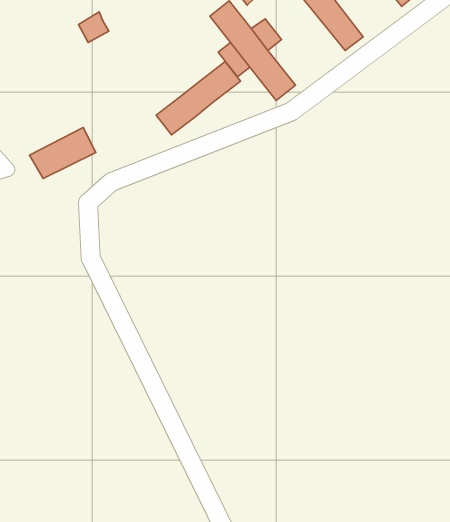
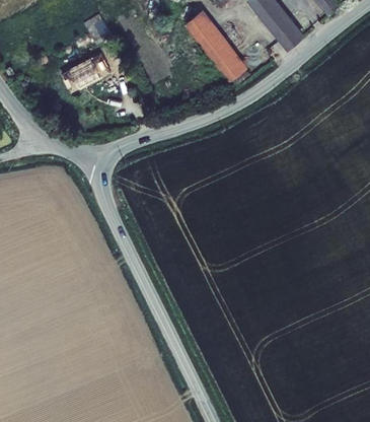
building: [156,62,241,135] -> none
building: [29,127,96,179] -> [62,51,110,88]

